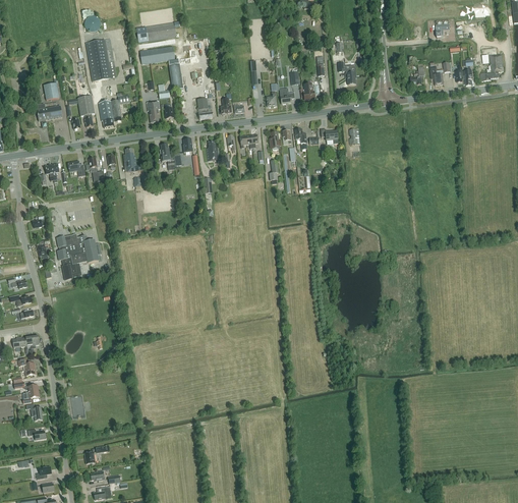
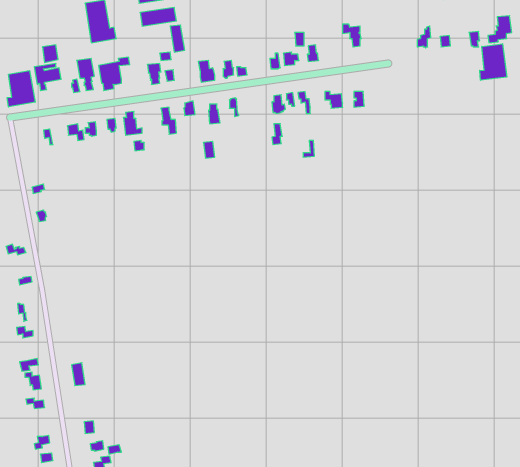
building: none -> [480,44,507,80]
building: none -> [7,71,35,107]
building: [57,234,102,279] -> none

